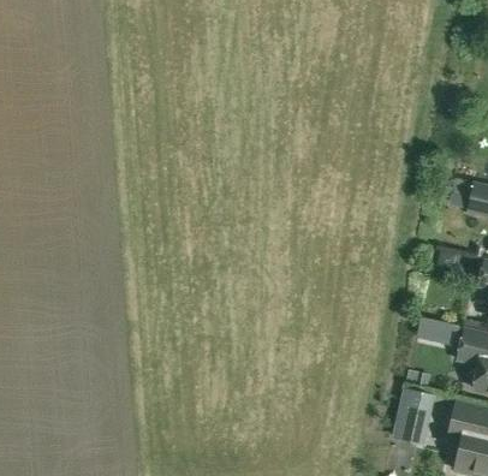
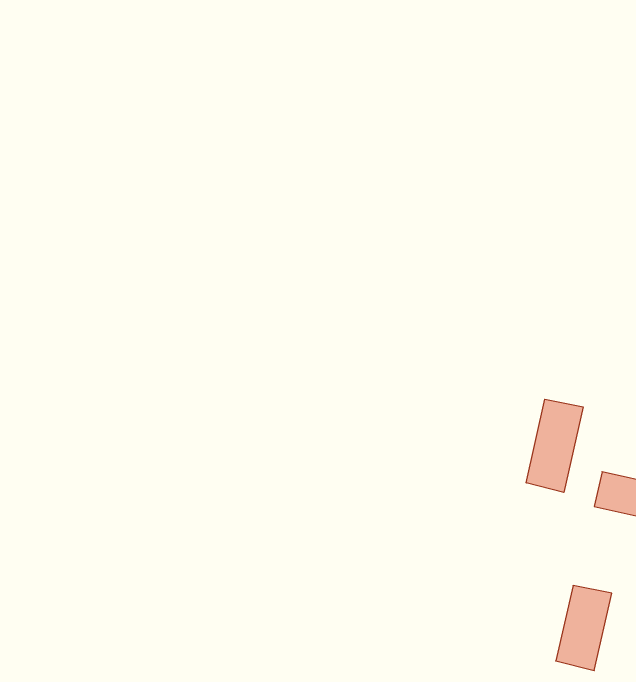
building: none -> [526,399,583,492]

